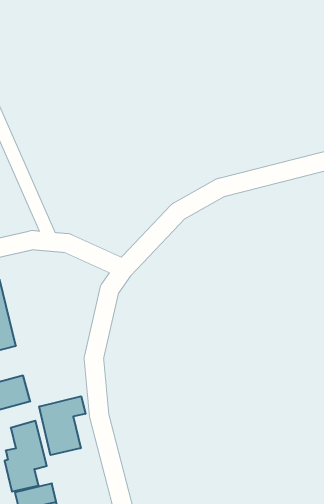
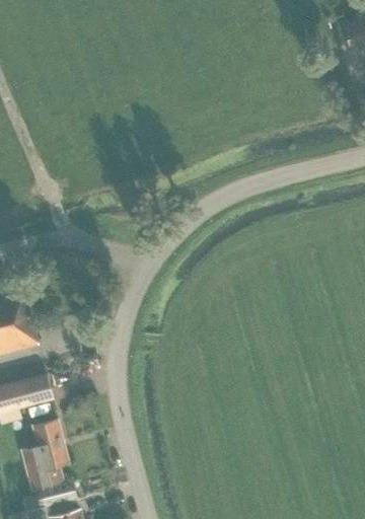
building: [39,396,85,455] -> none

